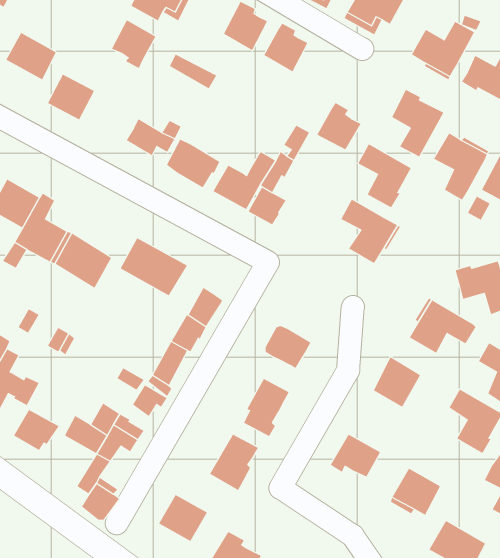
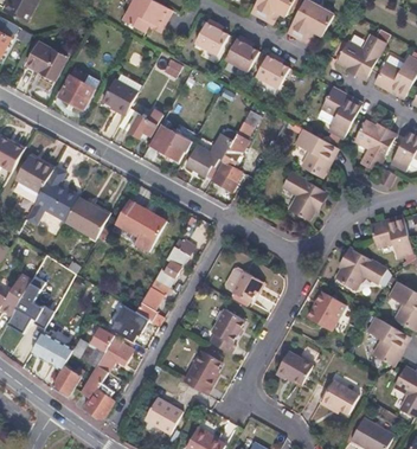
building: [111,19,156,69] -> [103,78,137,116]
building: [317,102,361,150] -> [254,52,288,89]
building: none -> [52,363,82,397]

